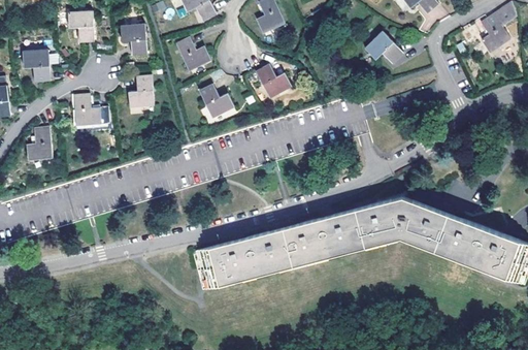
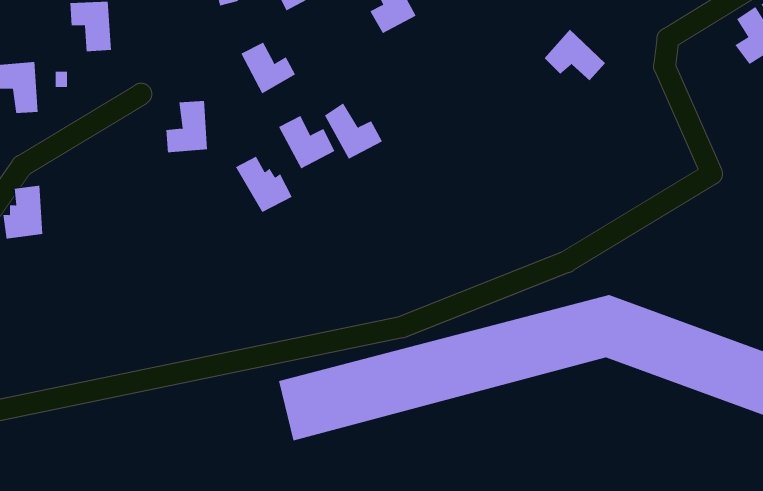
building: [119,24,144,56] -> none
building: [255,61,292,97] -> [324,103,383,160]
building: [72,95,109,128] -> none
building: none -> [235,156,292,213]

